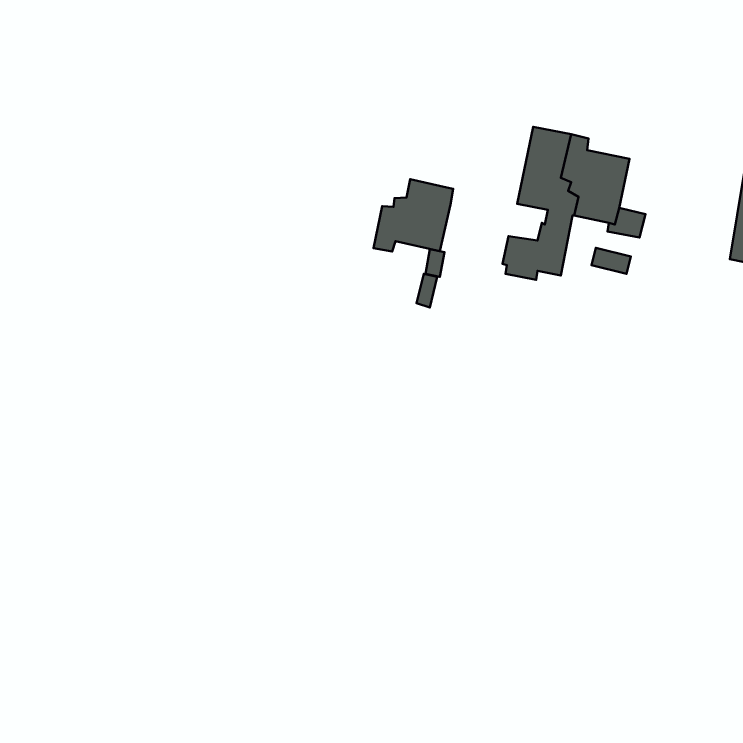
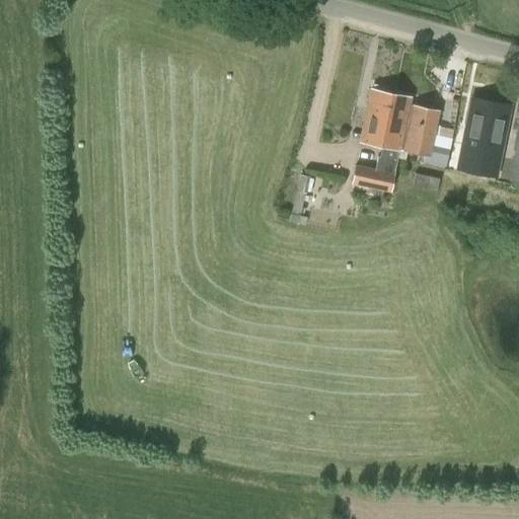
building: none -> [462,97,510,175]
building: [374,179,453,252] -> none

